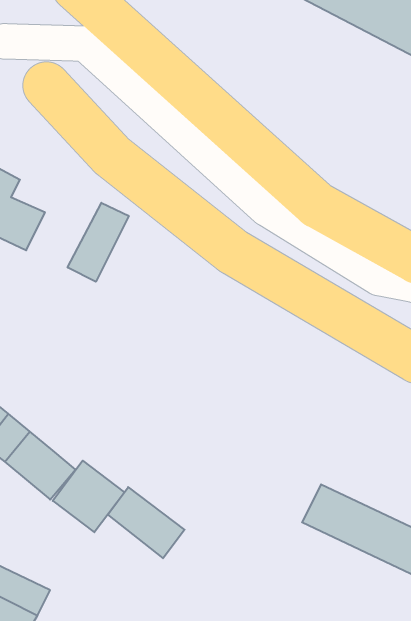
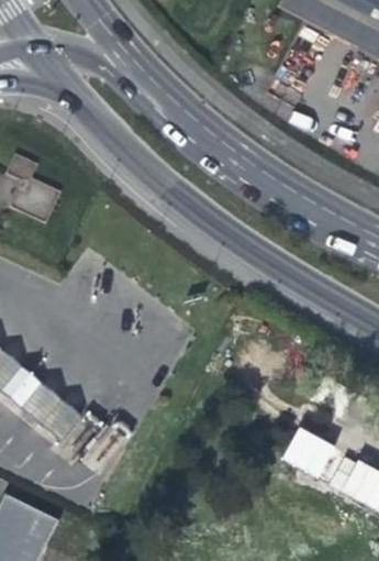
building: [68,203,129,282] -> none
building: [108,487,185,558] -> none

